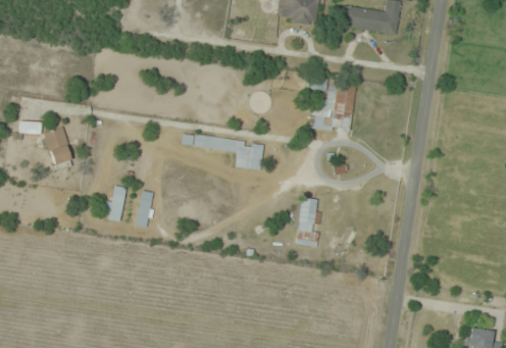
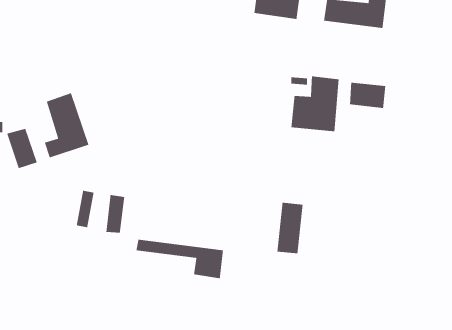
building: none -> [349,82,386,109]
building: none -> [44,92,90,159]
building: [181,133,263,170] -> [136,239,224,279]

